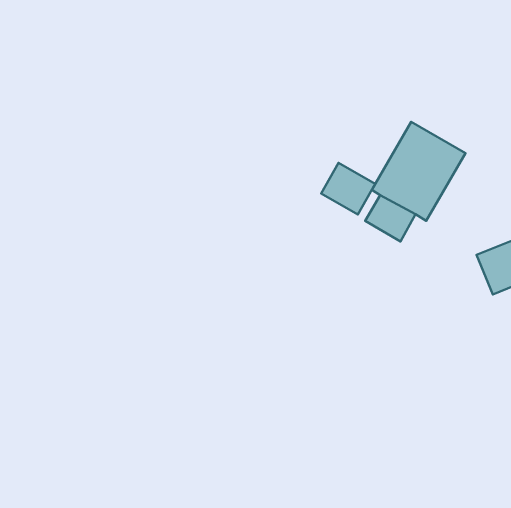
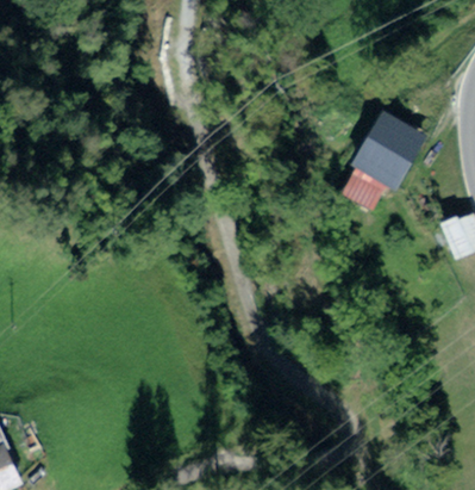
building: [321,163,375,215] -> none

